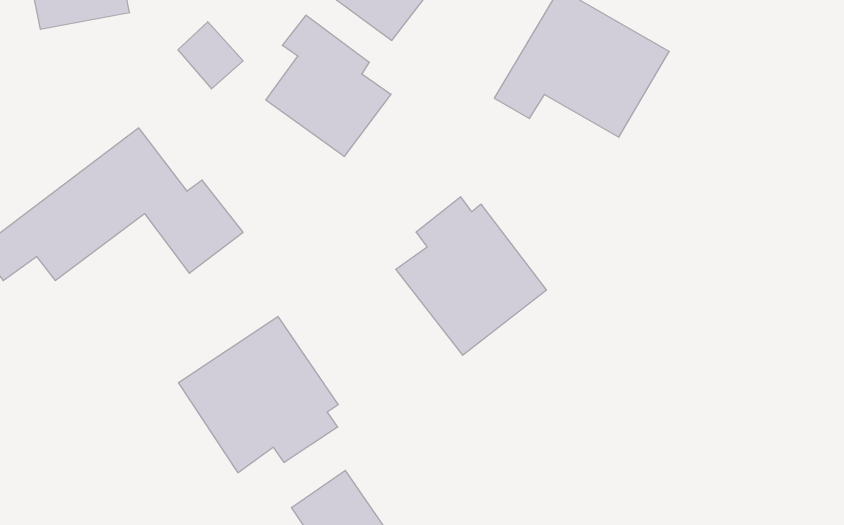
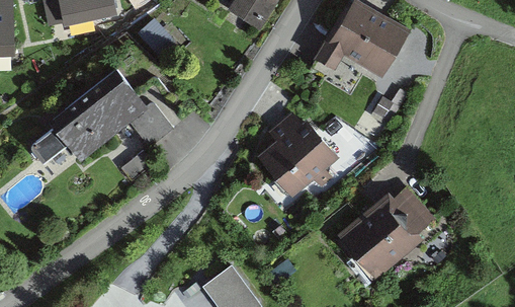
building: [266,15,391,157] -> none
building: [179,316,338,473] -> none
building: none -> [337,187,434,281]

